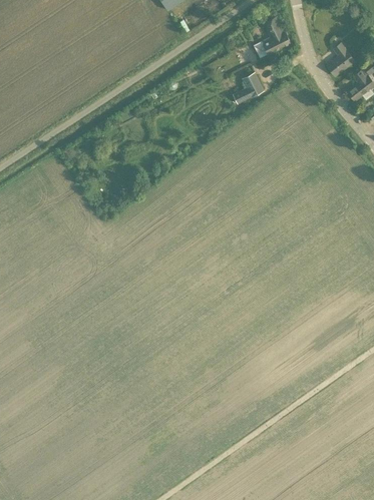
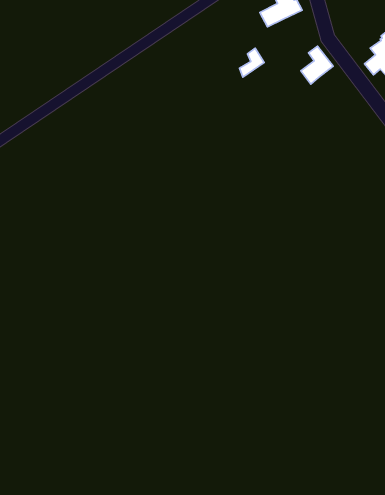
building: [326,42,355,76] -> [301,46,333,84]

